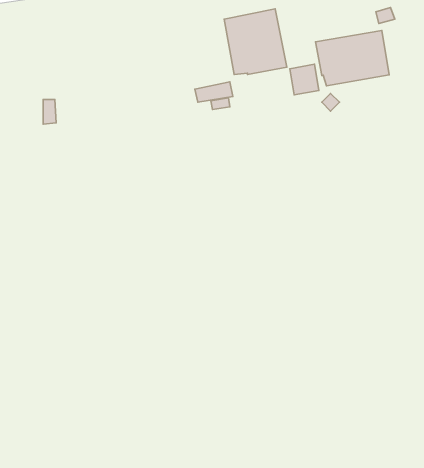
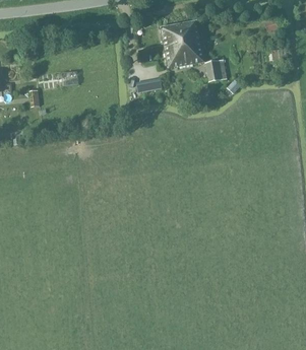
building: [315,31,389,86] -> none

